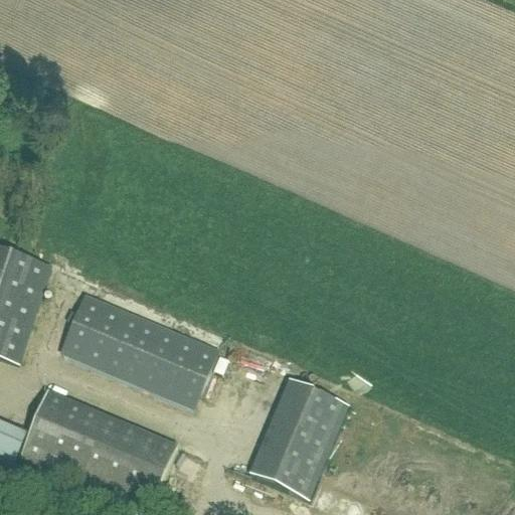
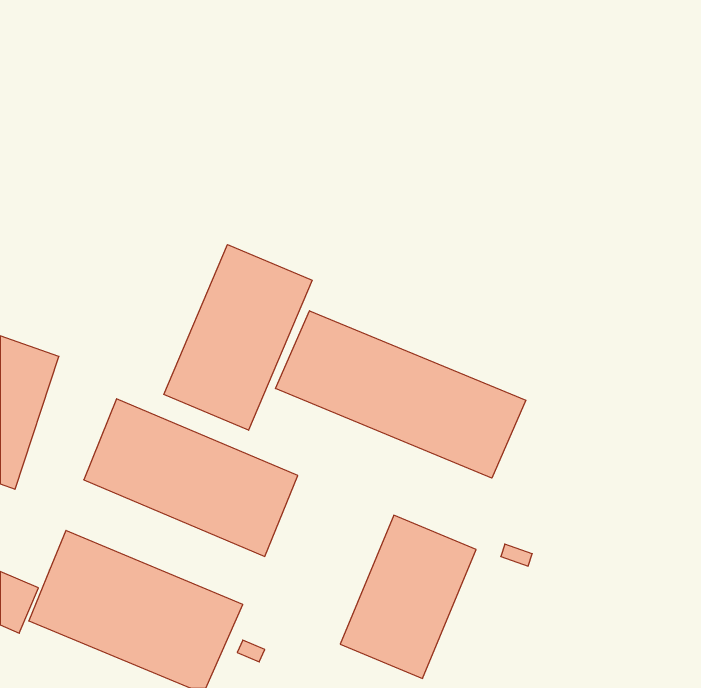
building: none -> [164,245,312,430]
building: none -> [276,311,526,478]

